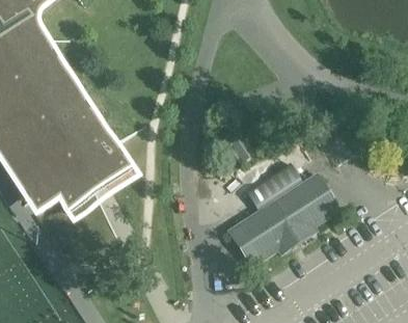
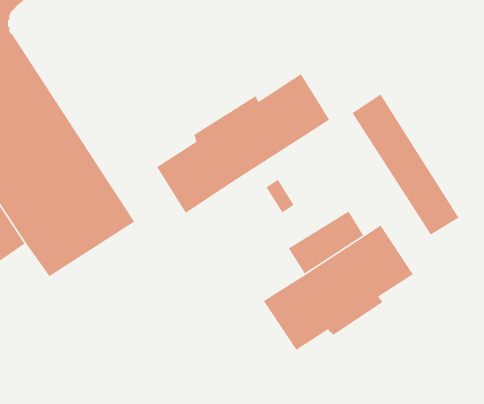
building: none -> [156,73,330,214]
building: none -> [352,93,459,236]

